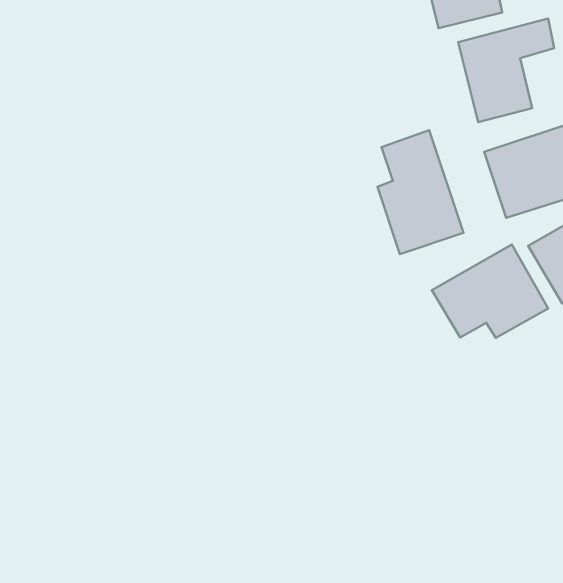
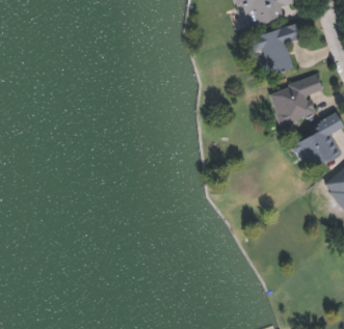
building: [378,130,463,254] -> none
building: [432,245,548,338] -> none

